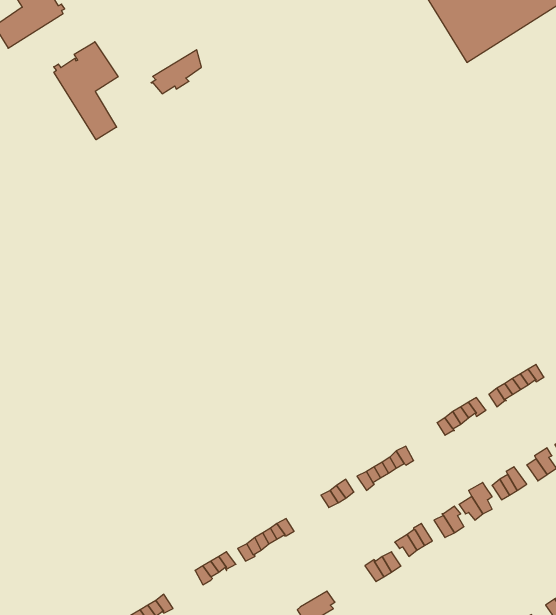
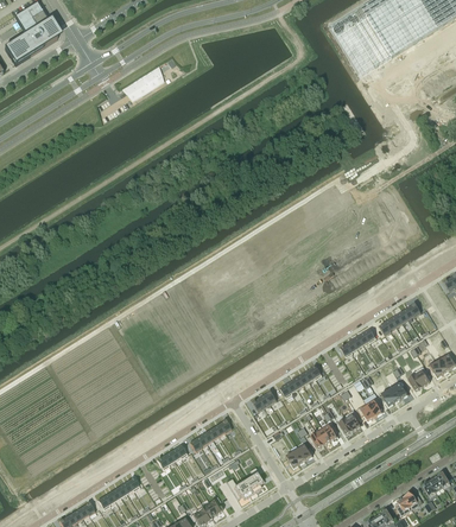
building: [54,42,118,140] -> none

